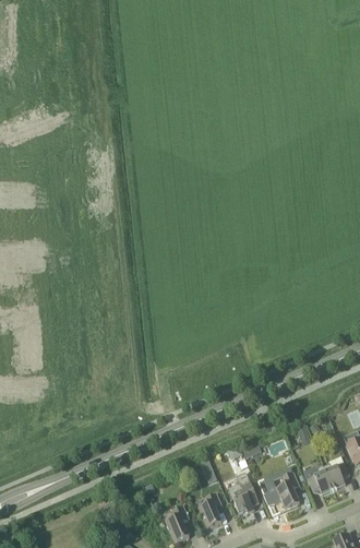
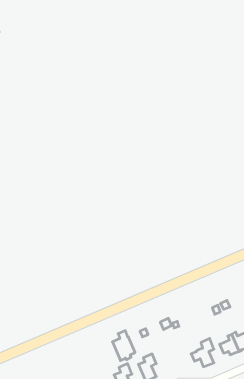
building: [228,473,259,513] -> [112,331,135,361]

